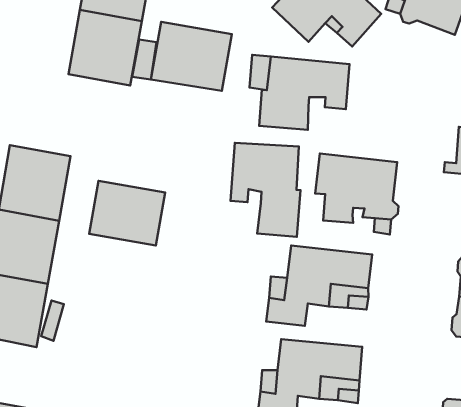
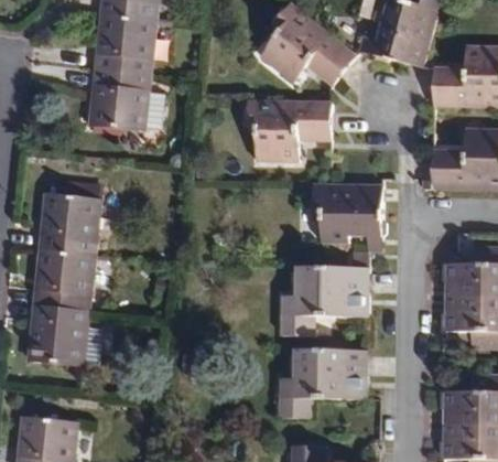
building: [151,22,232,91] -> none
building: [230,143,300,237] -> none
building: [89,181,165,246] -> none

